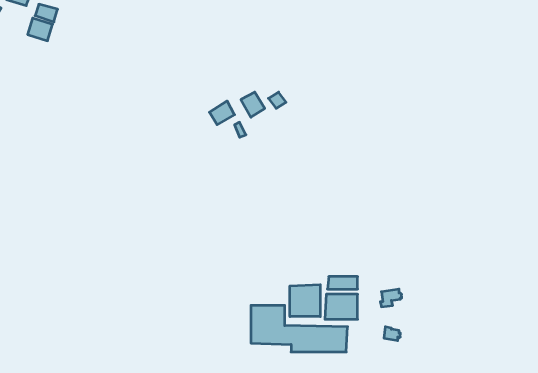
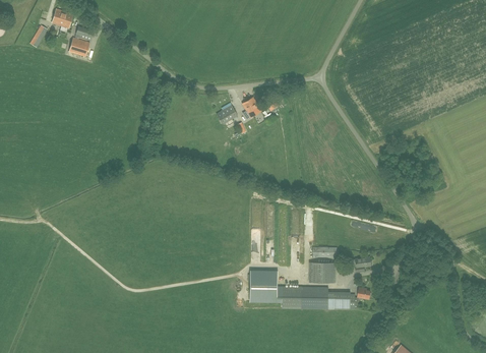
building: [290,285,320,317] -> none

